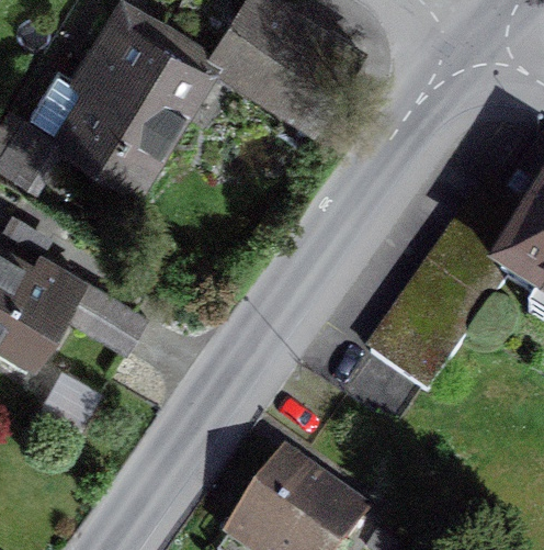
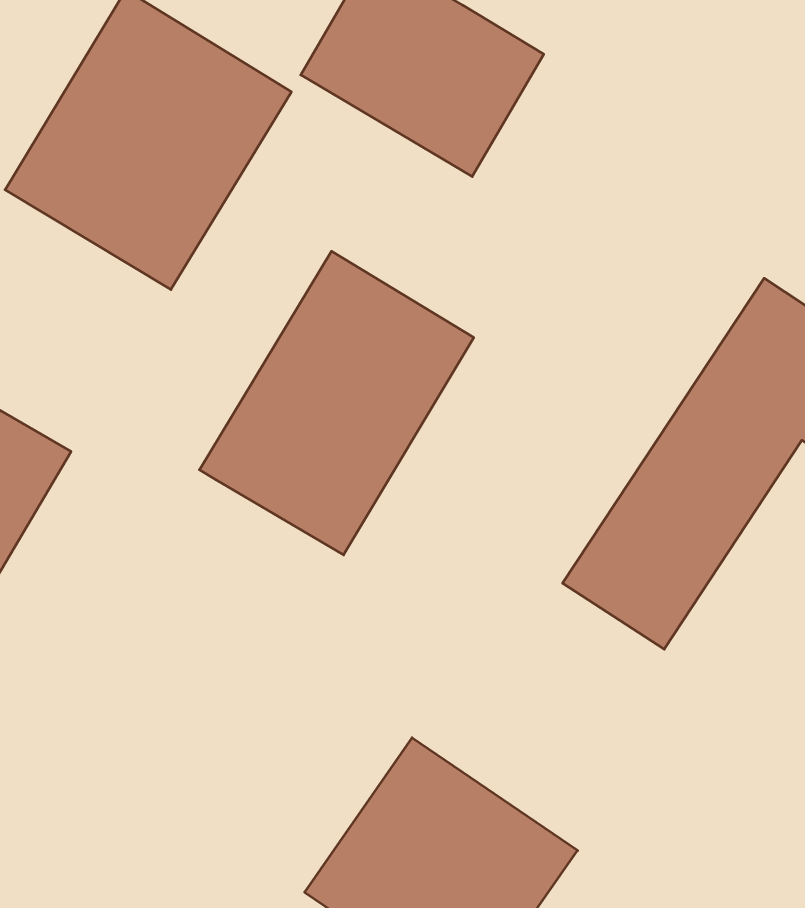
building: none -> [199,251,474,555]

